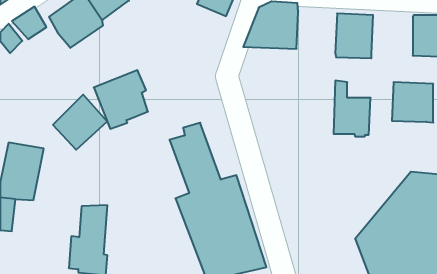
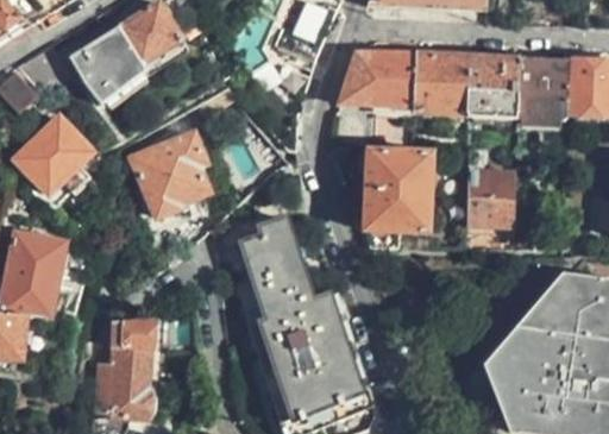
building: none -> [413,54,469,111]
building: none -> [364,150,431,247]
building: [392,82,433,123] -> [516,58,573,114]
building: [53,95,107,150] -> [14,117,89,193]

